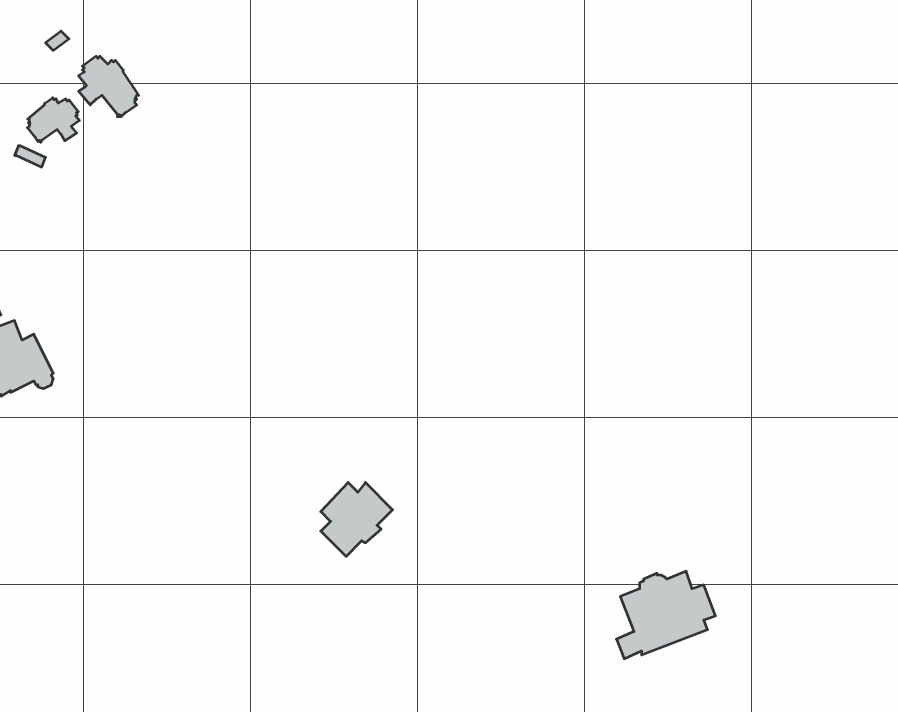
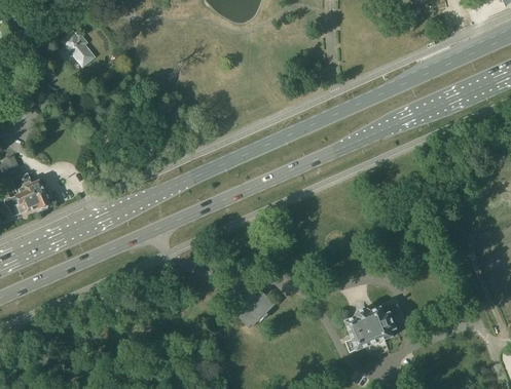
building: [27,98,79,142] -> none
building: [321,482,393,556] -> [238,288,276,327]

